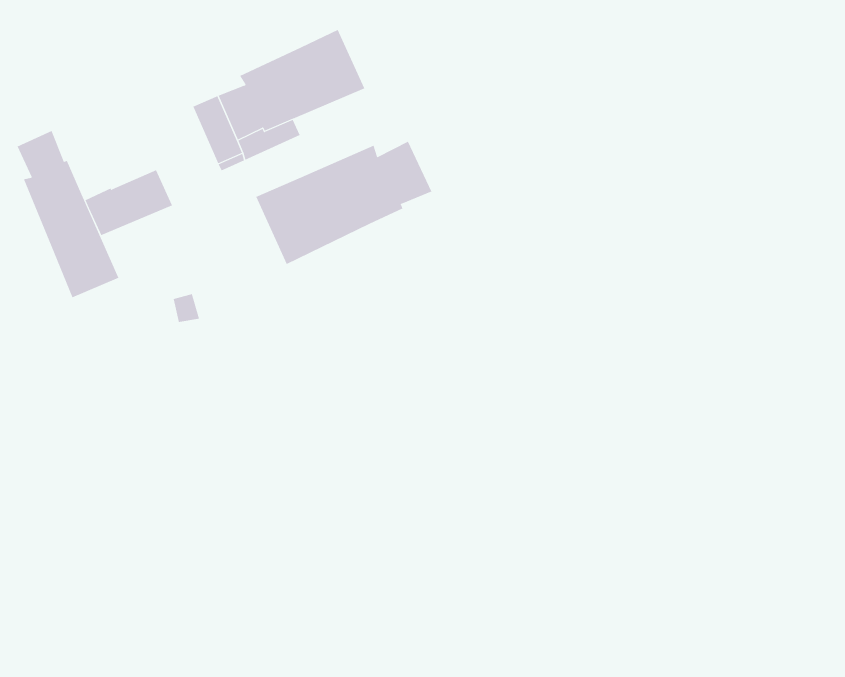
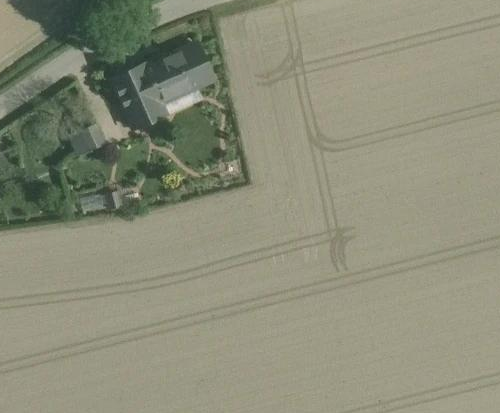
building: [17,130,119,298] -> none
building: [256,141,432,265] -> none

